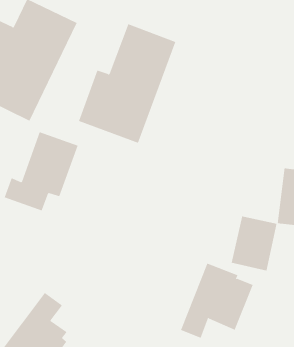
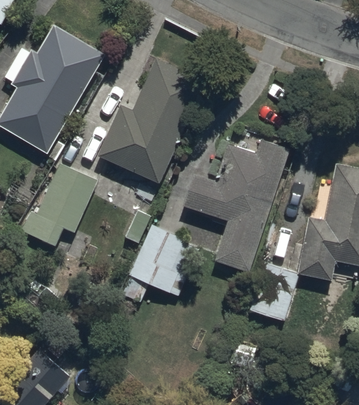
building: none -> [183,140,289,271]
building: [180,263,254,338] -> [120,225,199,303]

